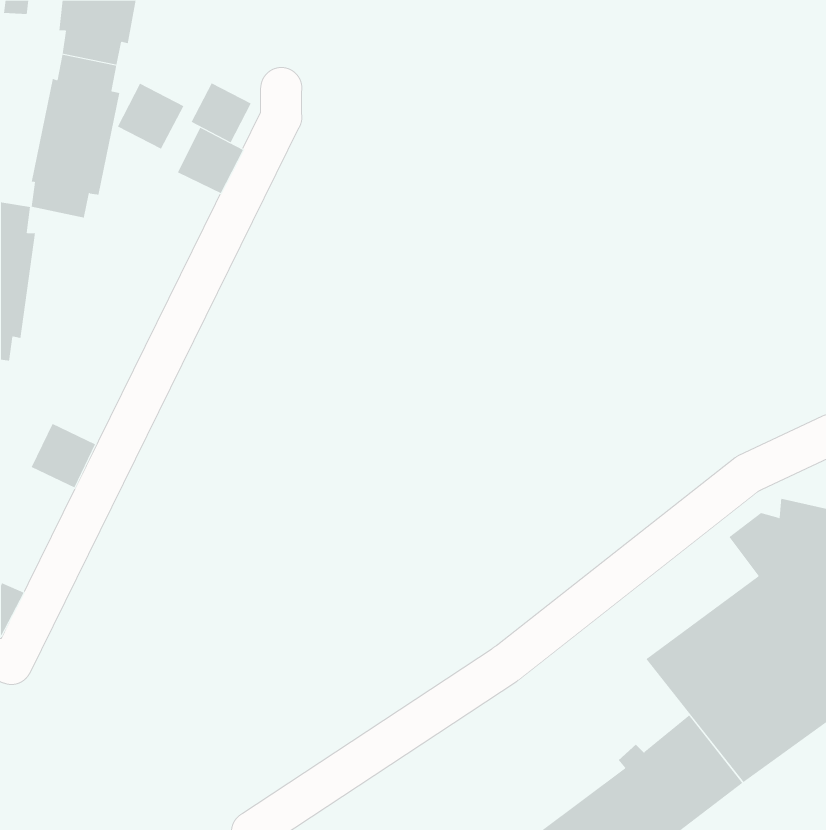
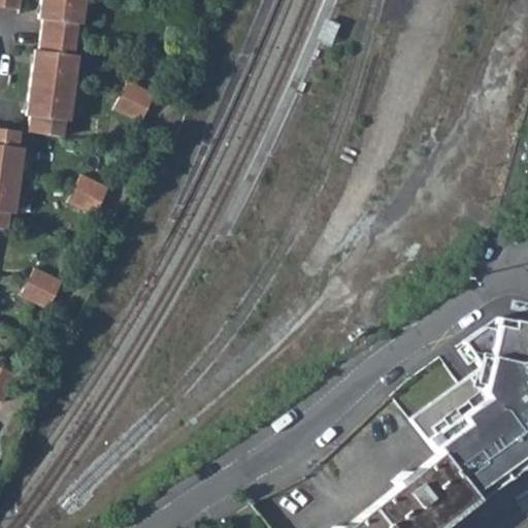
building: [191,82,252,143] -> none
building: [117,83,184,150] -> none
building: none -> [69,175,110,217]

